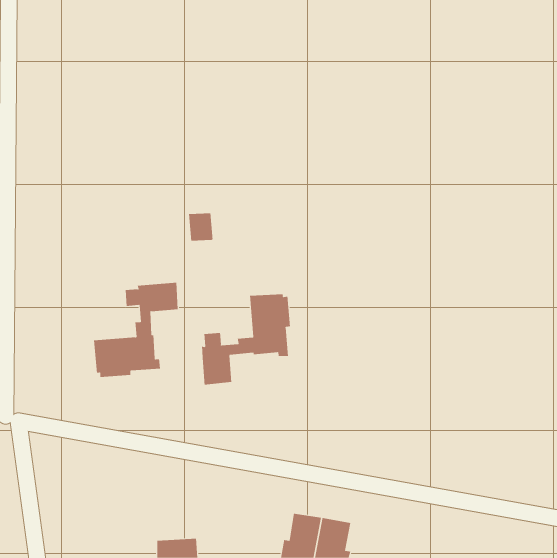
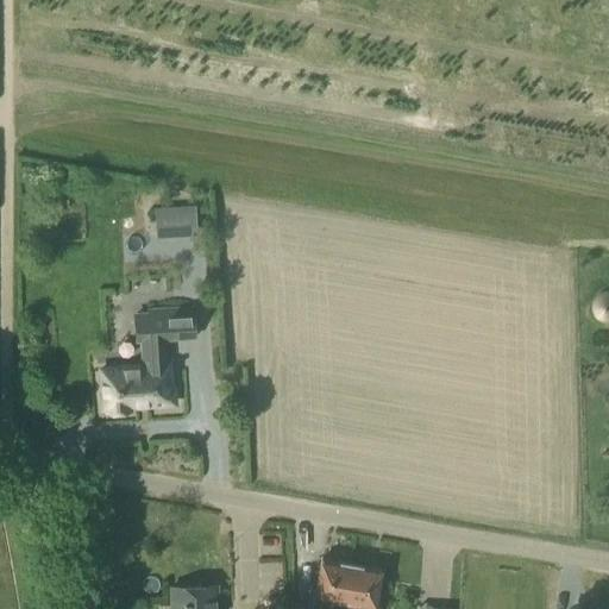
building: [188,213,213,241] -> [156,206,183,237]
building: [201,293,290,385] -> none

